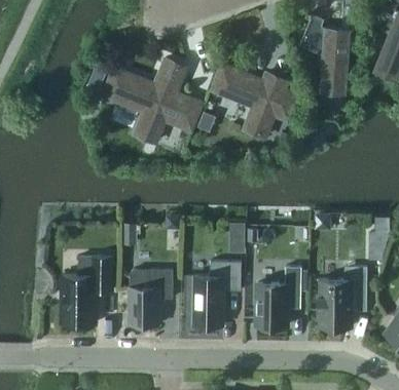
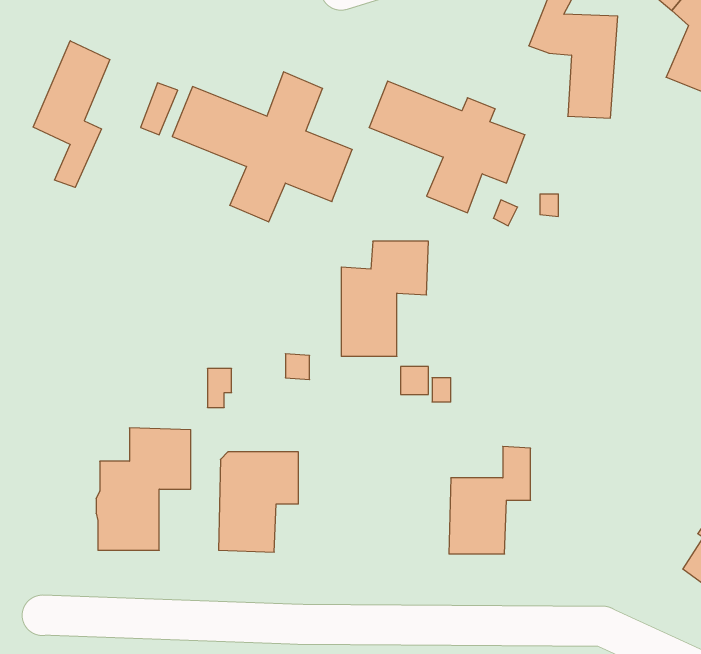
building: none -> [33,41,110,187]
building: [192,263,241,326] -> [341,241,428,356]
building: [317,268,366,328] -> none

